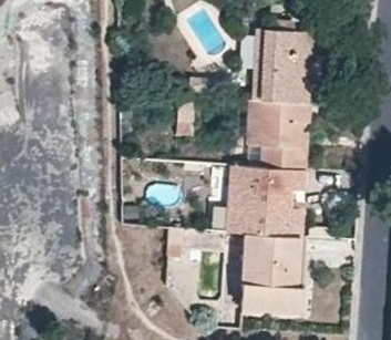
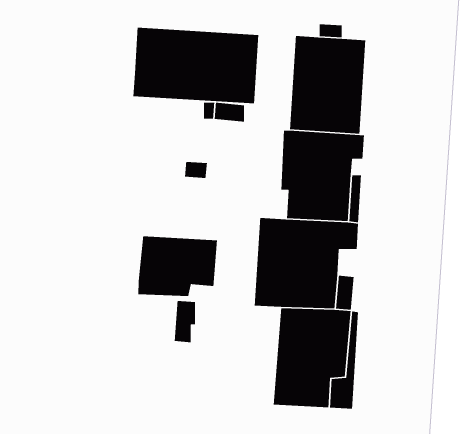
building: none -> [133,27,259,104]
building: none -> [137,236,218,297]

